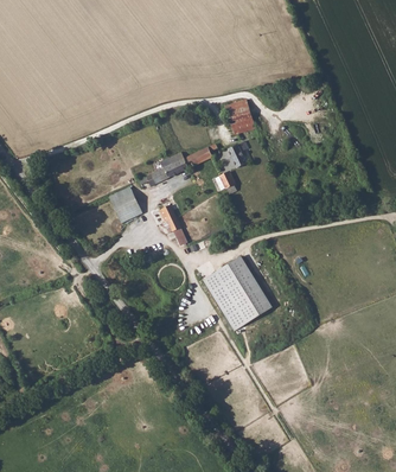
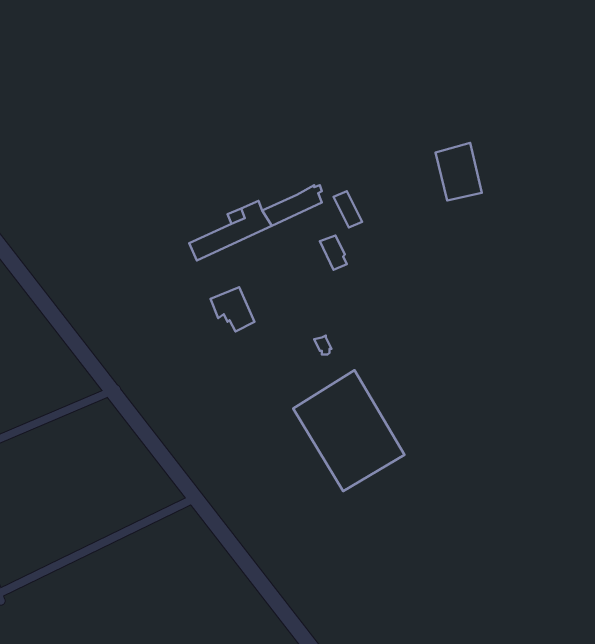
building: [228,98,256,134] -> [436,143,482,201]
building: [110,186,143,223] -> none

